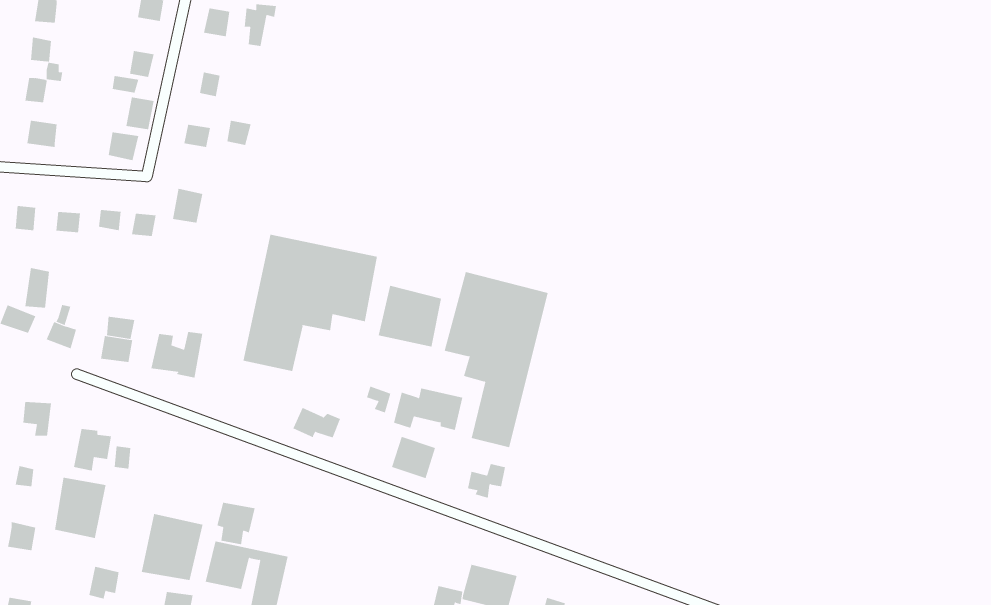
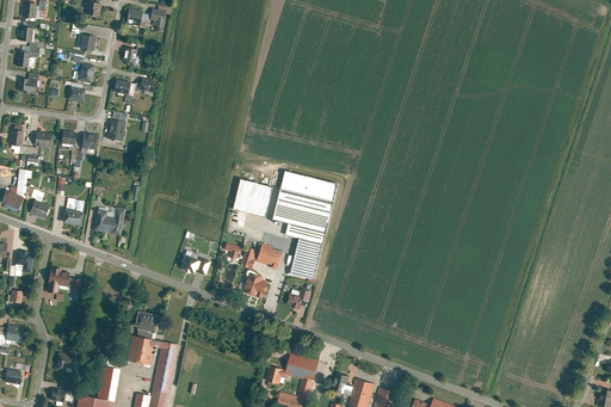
building: [243,234,377,372] -> none
building: [54,477,106,539] -> none
building: [141,513,203,581] -> none

